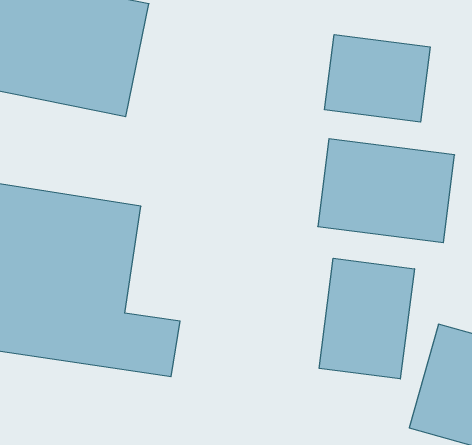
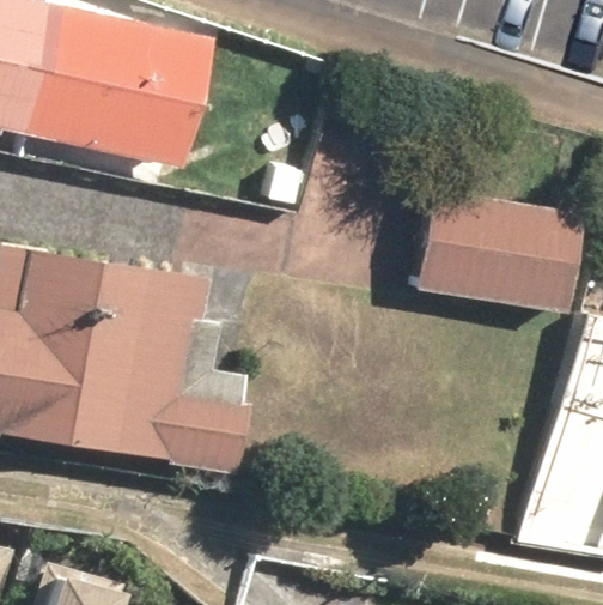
building: [325,35,430,122] -> none
building: [319,258,414,379] -> none

